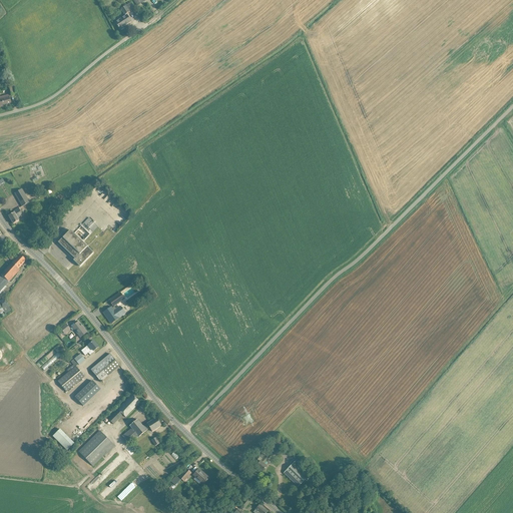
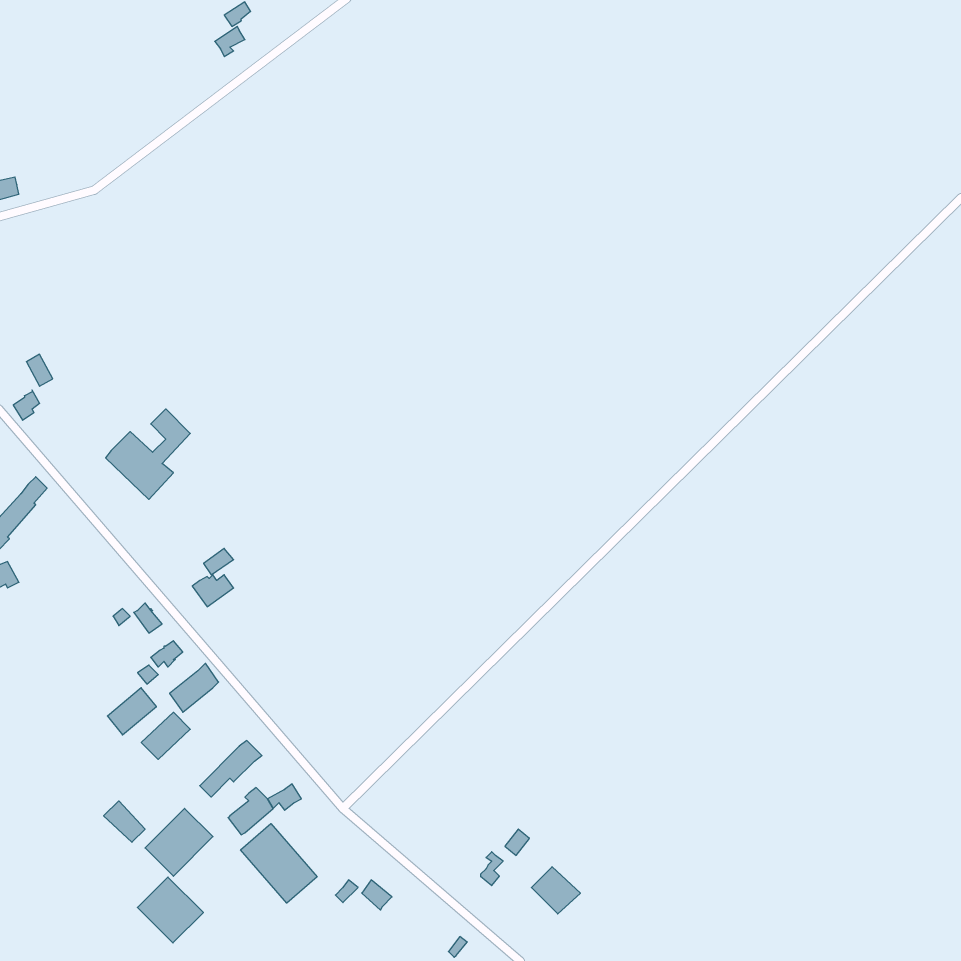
building: none -> [241,824,317,903]
building: none -> [137,877,203,943]

